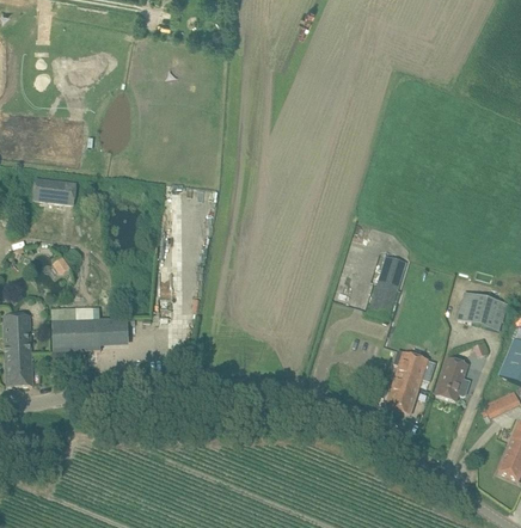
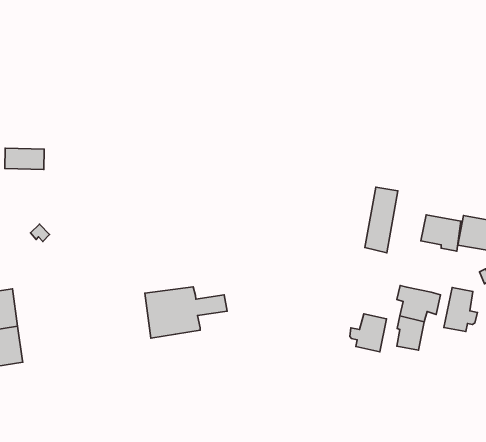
building: none -> [421,215,461,251]
building: [53,307,129,351] -> [145,287,227,338]
building: none -> [350,314,387,352]

